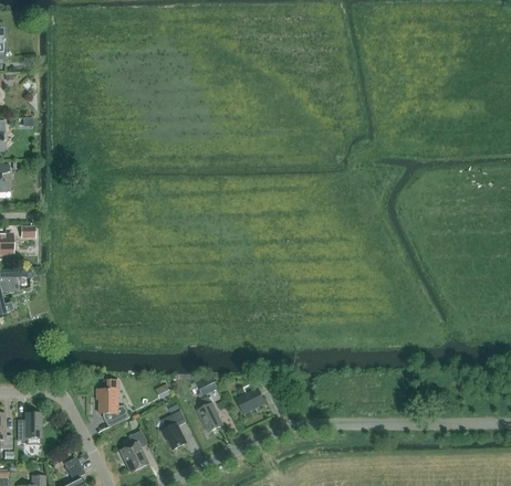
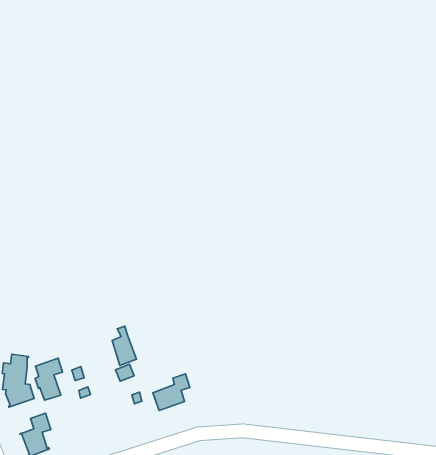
building: [198,395,222,432] -> [112,326,136,366]
building: [160,410,187,450] -> [35,358,63,400]

